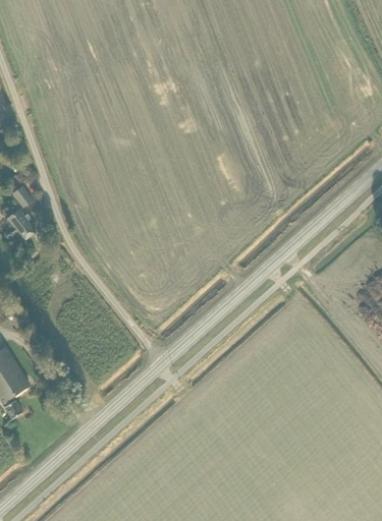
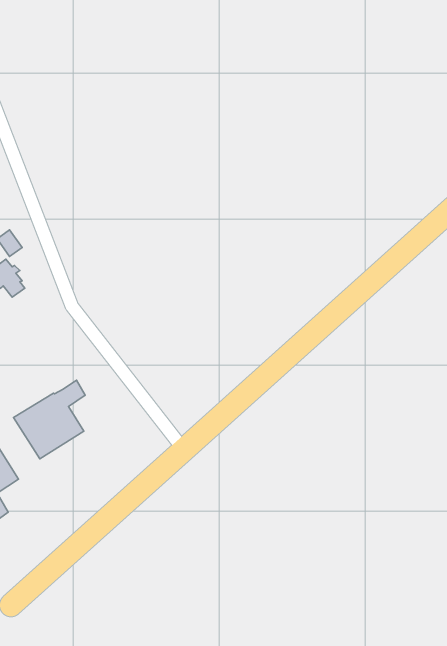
building: none -> [14,380,85,459]

